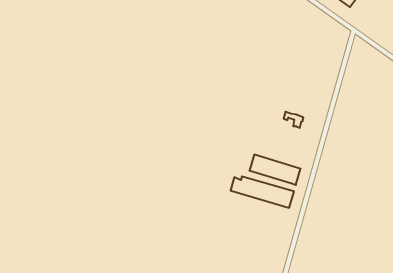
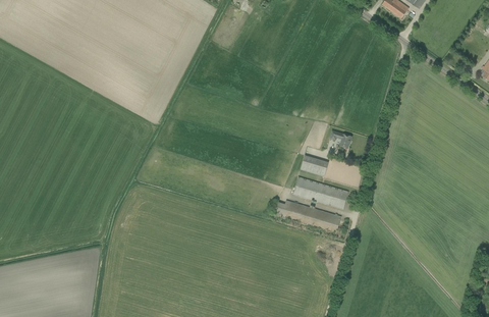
building: none -> [301,155,328,176]

